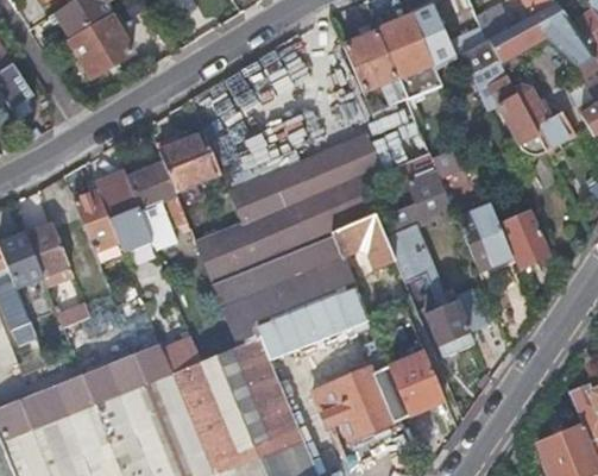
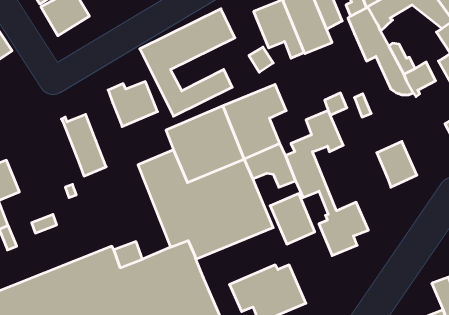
building: [127,162,189,232] -> none
building: [73,184,120,252] -> none
building: [457,205,511,270] -> none
building: [26,224,74,287] -> none
building: [386,352,443,416] -> [270,194,315,244]

